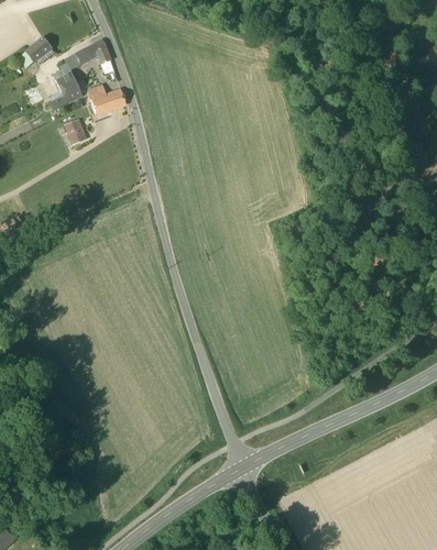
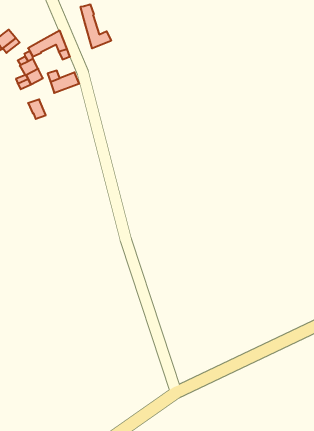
building: none -> [81,4,111,48]

